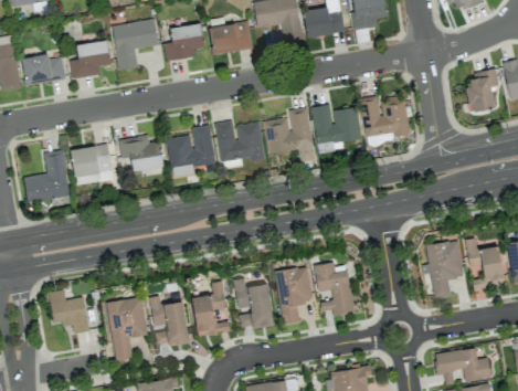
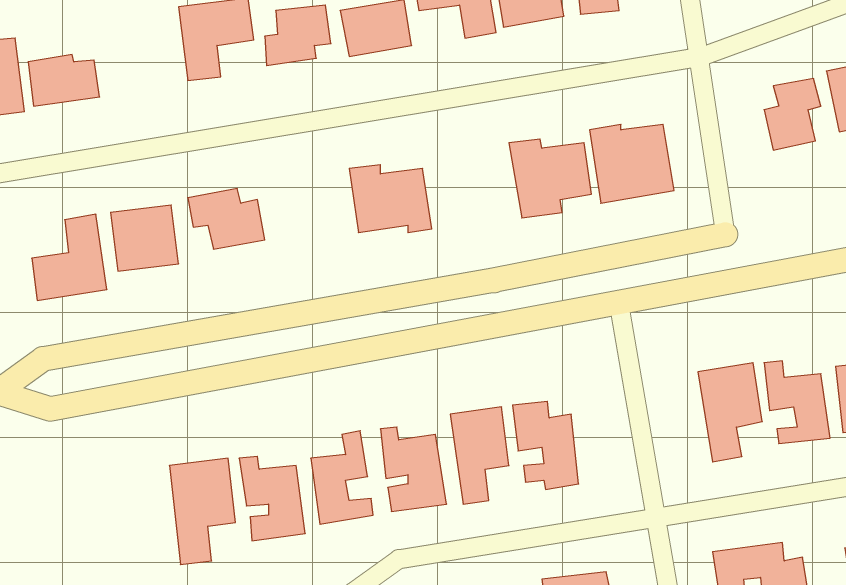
building: [70,40,110,78] -> none
building: [263,108,315,161] -> none
building: [167,125,215,177] -> none
building: [47,289,88,332] -> none

